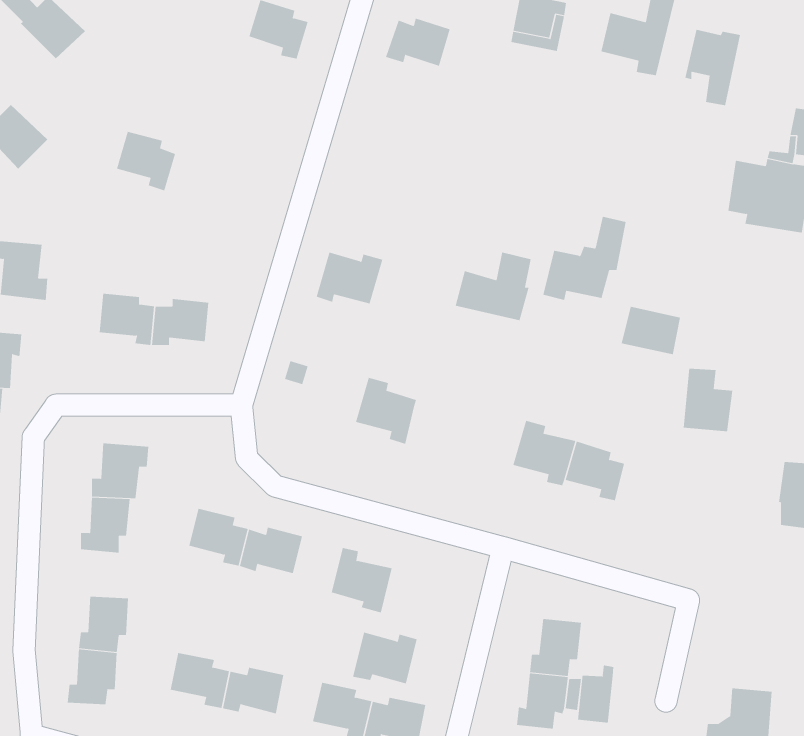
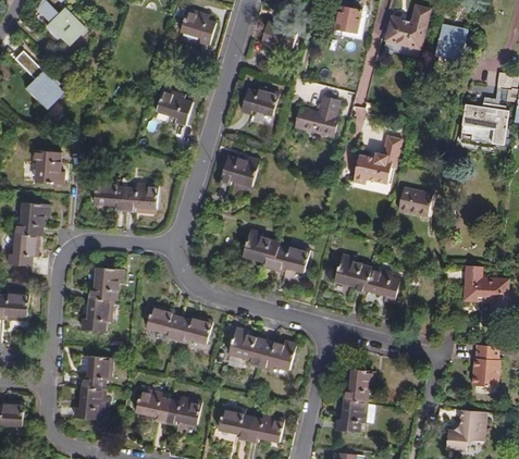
building: [116,131,176,191] -> [157,90,191,125]
building: none -> [240,88,279,115]
building: [455,252,531,321] -> [294,97,338,137]
building: [683,368,733,432] -> [462,265,492,302]
building: none -> [272,245,309,272]
building: none -> [472,345,498,387]
building: [352,632,418,684] -> [258,340,296,371]
building: [577,665,614,723] -> none

